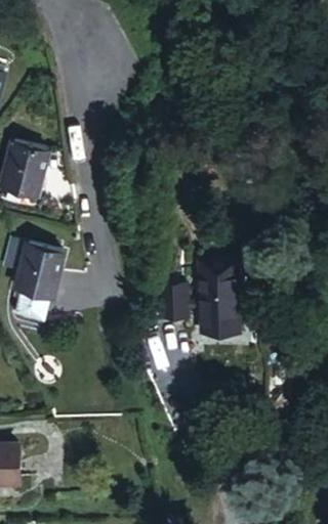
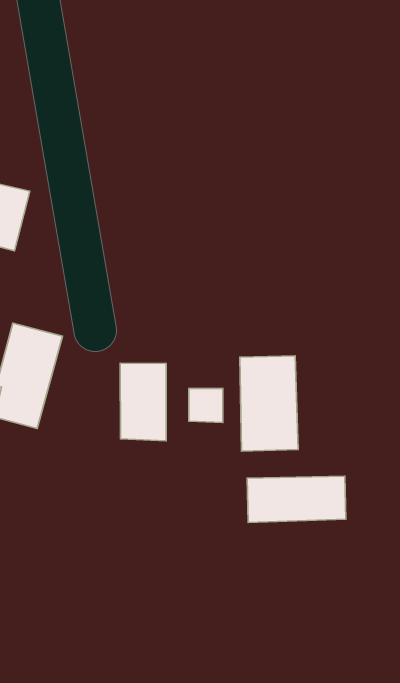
building: none -> [120,363,166,441]
building: none -> [247,476,346,522]

